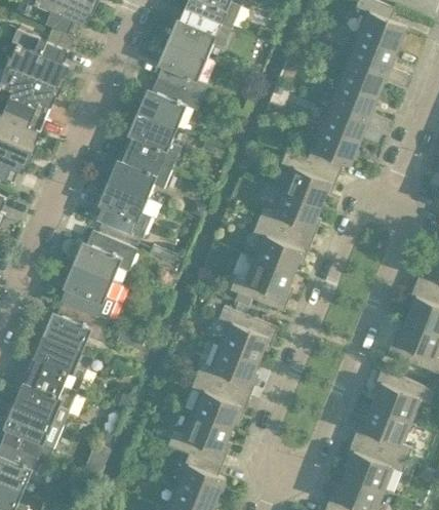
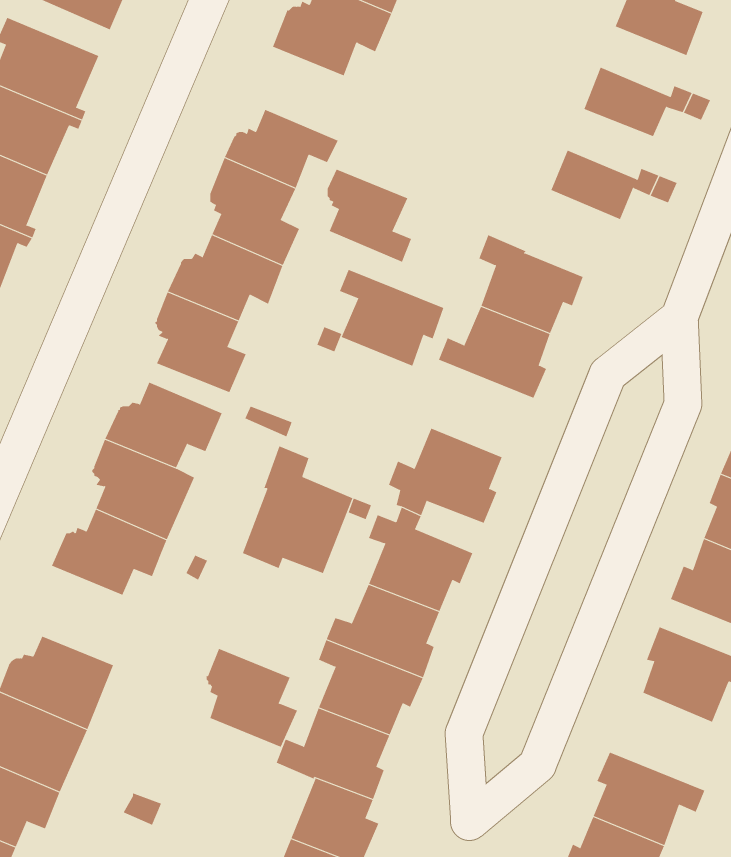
building: [348,33,396,72] -> none
building: [160,44,207,96] -> [327,169,412,263]
building: [329,79,377,118] -> none
building: [306,124,359,172] -> none
building: [252,219,311,273] -> [339,269,444,367]
building: none -> [242,446,353,574]
building: [35,334,86,389] -> [206,648,298,747]
building: [353,404,411,459] -> none

